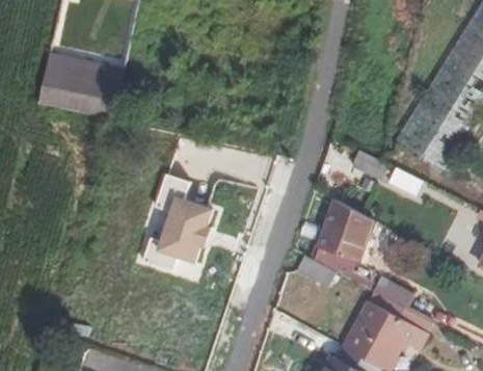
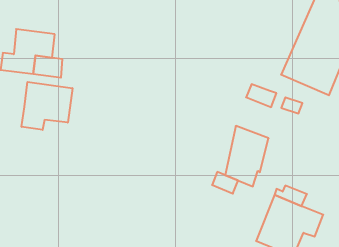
building: none -> [22,82,72,130]
building: [154,196,209,262] -> none

